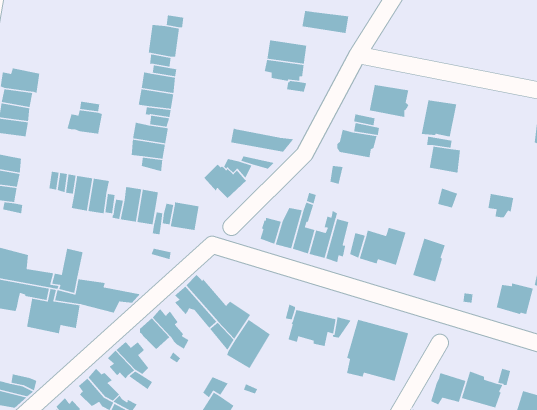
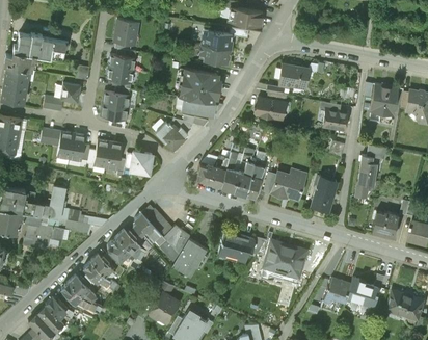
building: none -> [14,34,72,61]
building: none -> [181,70,219,104]
building: [421,100,457,139] -> [371,85,398,114]
building: none -> [355,156,377,198]

